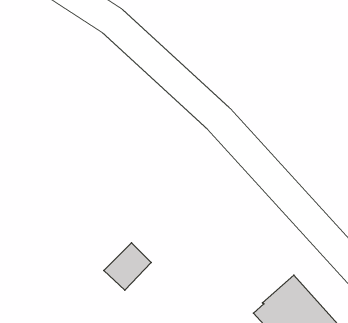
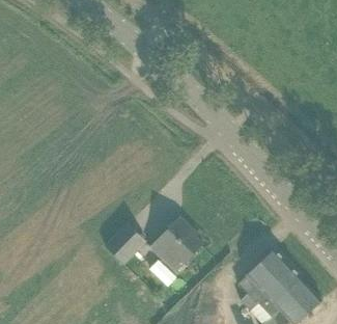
building: none -> [149,215,203,271]

